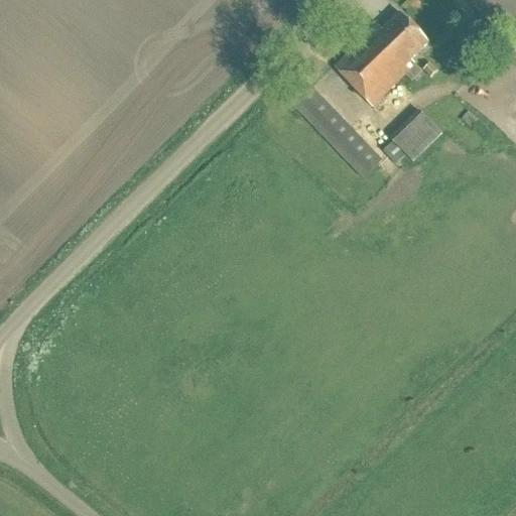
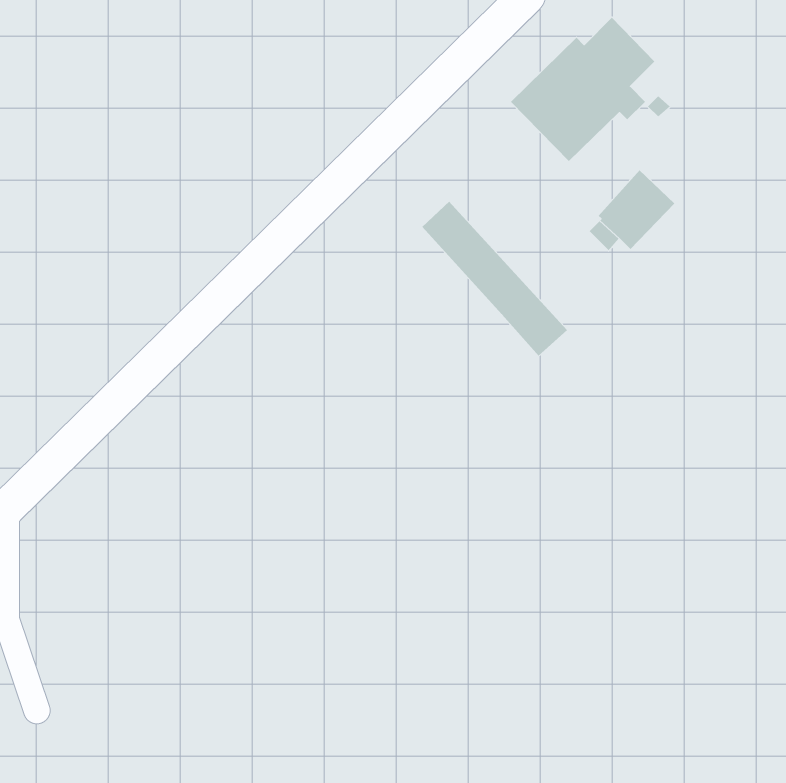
building: [286,77,382,178] -> [421,201,568,356]

